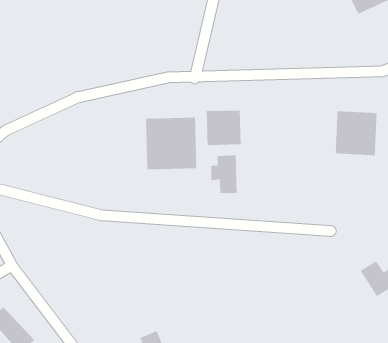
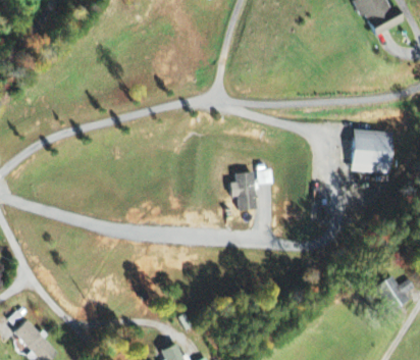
building: [206,110,241,146] -> none
building: [145,117,197,170] -> none

